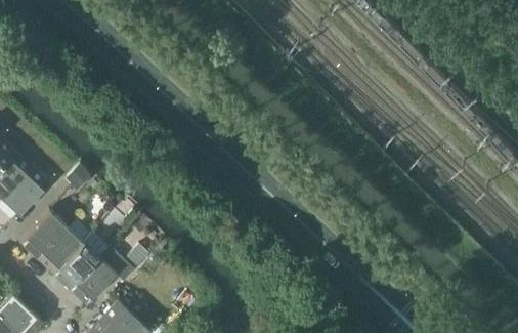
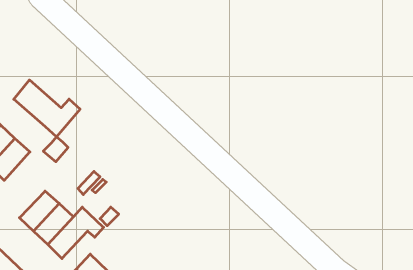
building: none -> [14,80,80,137]
building: [19,212,66,259] -> none

